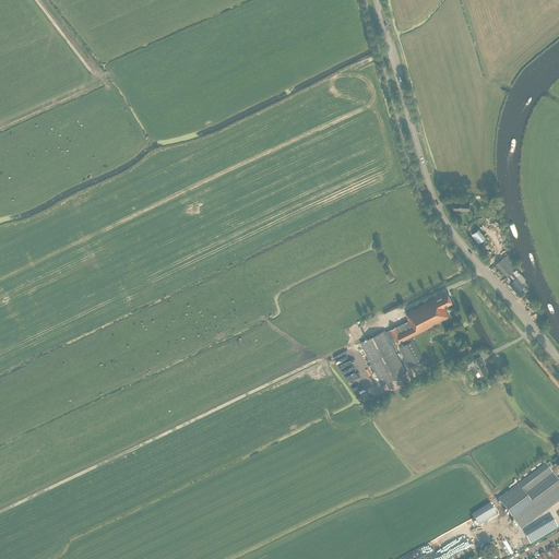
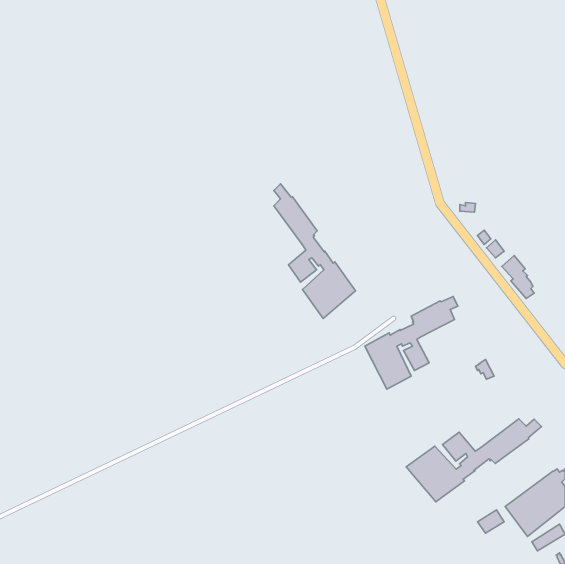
building: none -> [274,184,356,319]
building: none -> [406,419,542,502]

